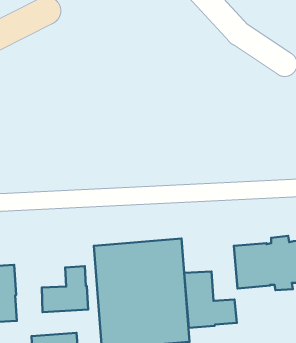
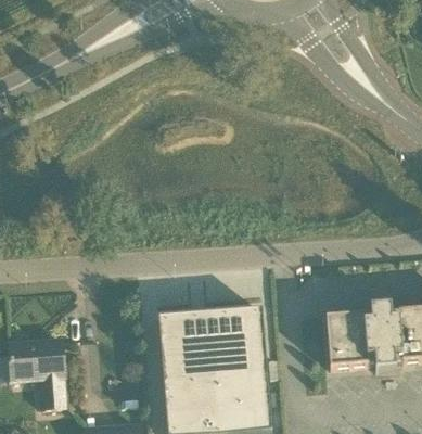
building: [42,266,88,312] -> none
building: [184,272,237,328] -> none

